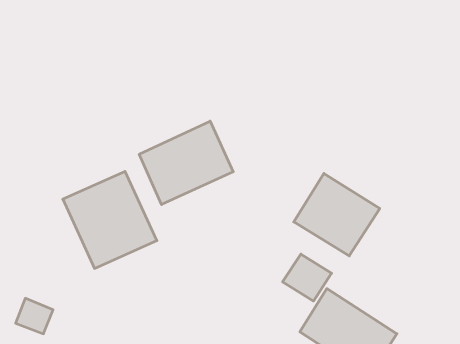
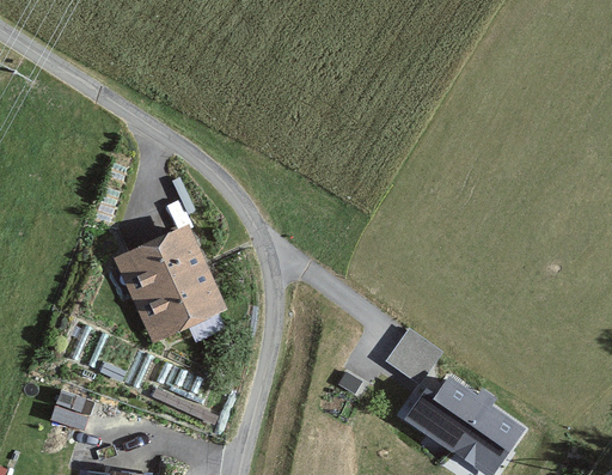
building: [139,121,233,205] -> none
building: [294,173,380,256] -> none

